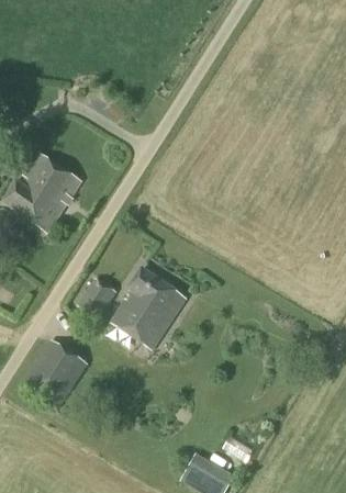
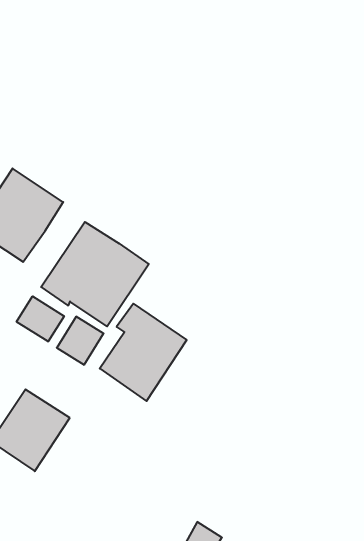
building: none -> [41,222,149,326]
building: none -> [17,296,64,342]

